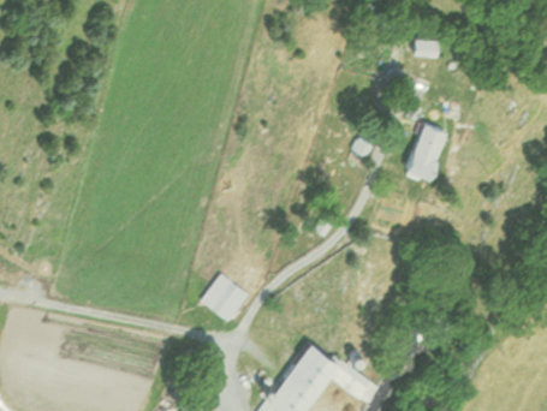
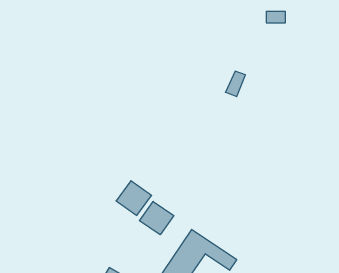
building: [403,125,445,185] -> none
building: none -> [139,201,174,235]

